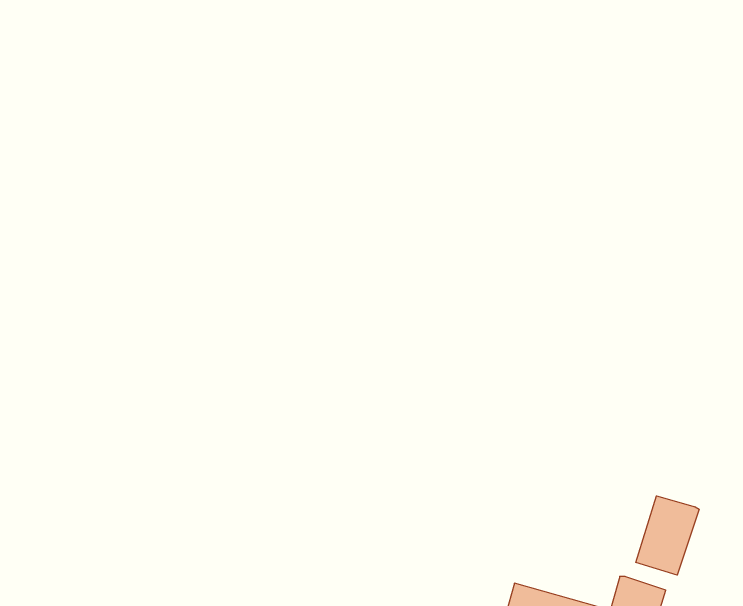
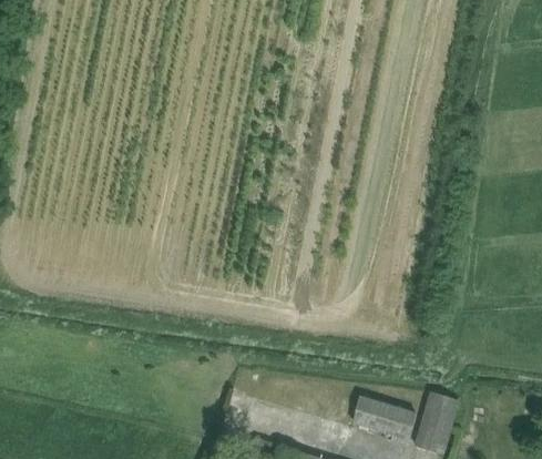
building: [636,496,699,575] -> none

